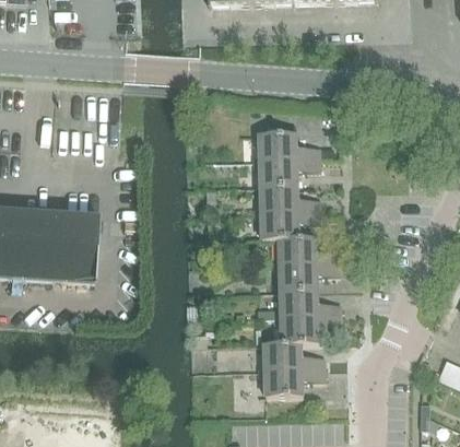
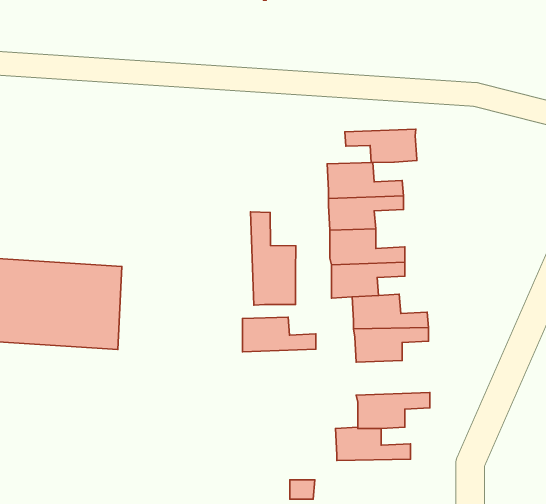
building: none -> [345,129,417,162]
building: none -> [250,212,296,305]
building: [282,290,340,317] -> [242,317,316,352]
building: [267,367,325,396] -> none

